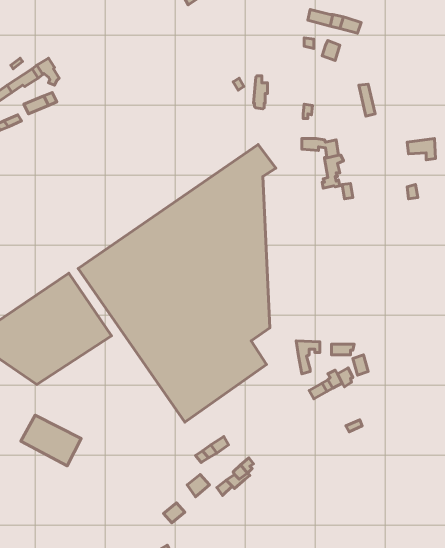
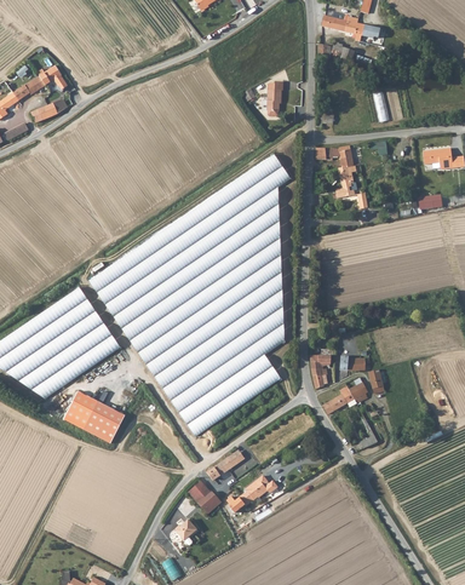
building: [21,415,81,466] -> [62,391,124,443]

